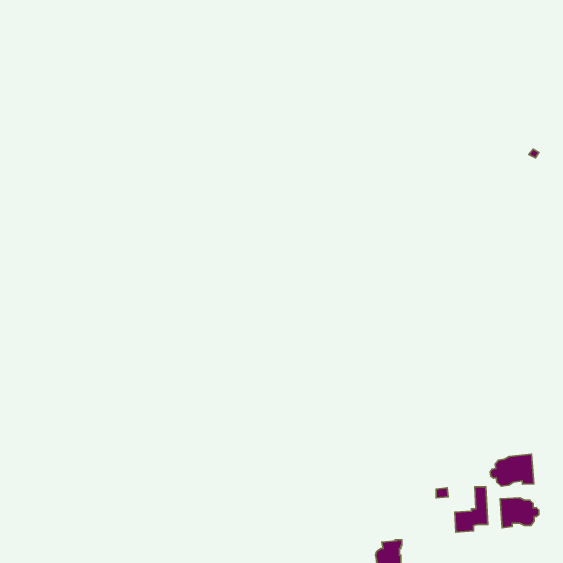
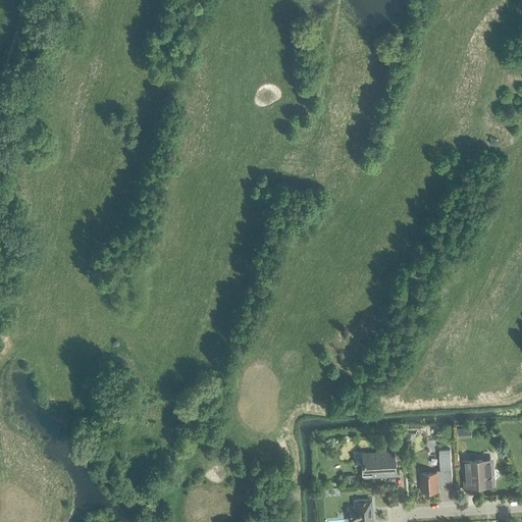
building: [490,454,534,486] -> none
building: none -> [361,454,393,477]

